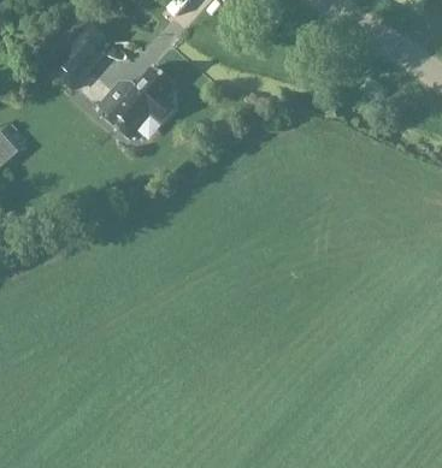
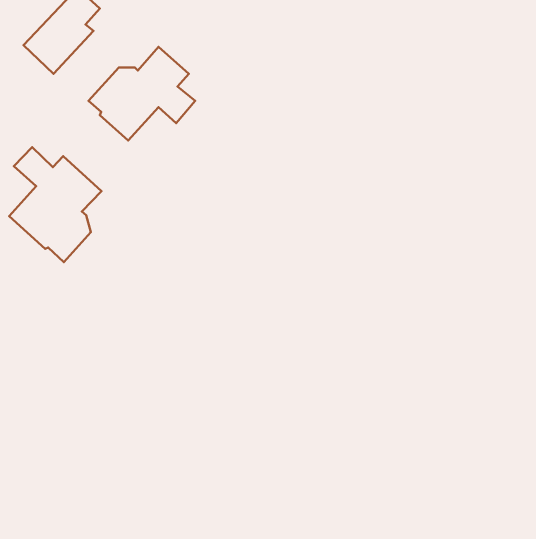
building: none -> [9,147,101,262]

